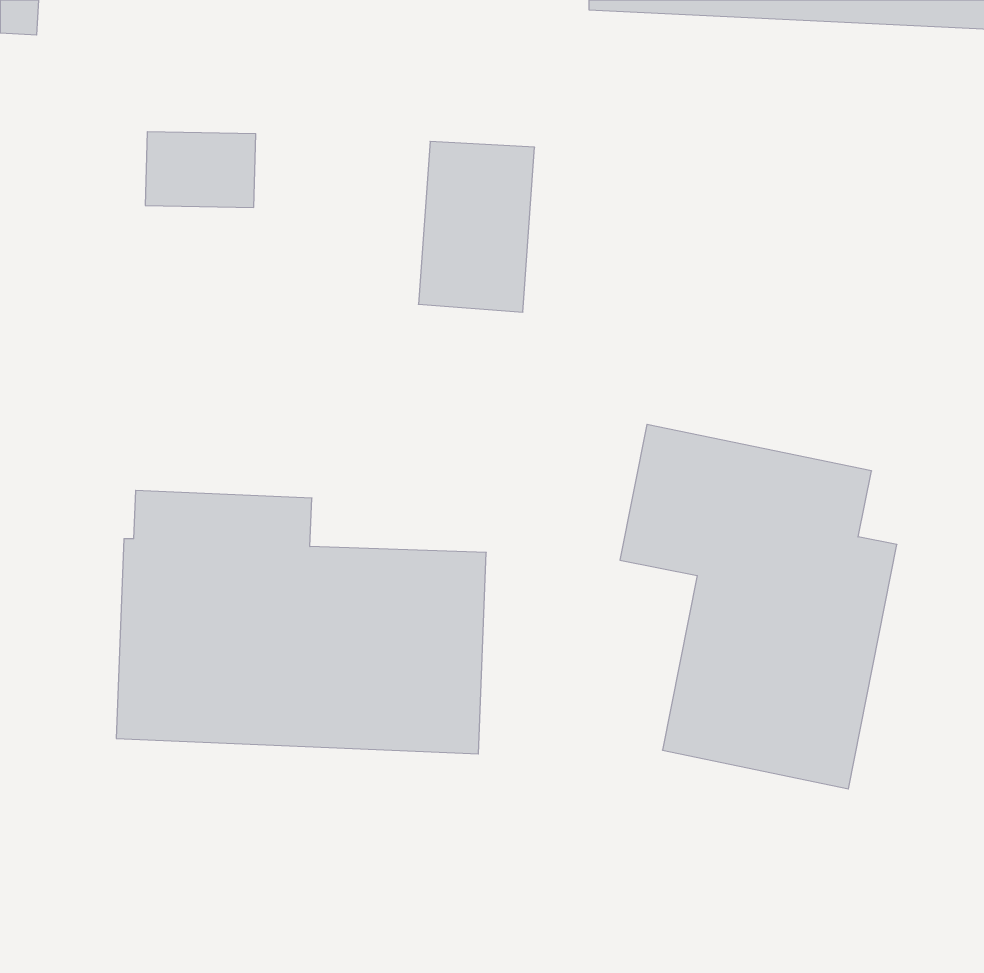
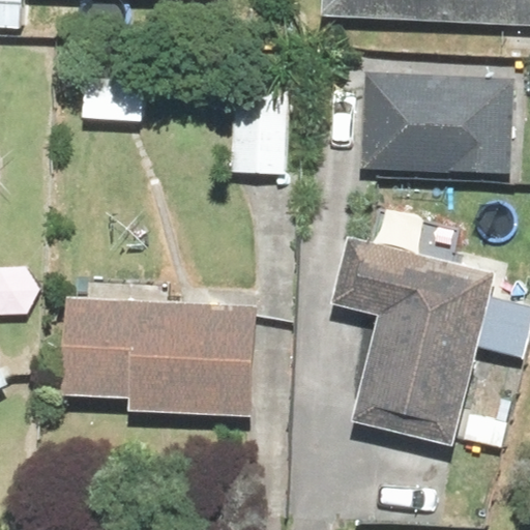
building: none -> [360,75,511,175]

